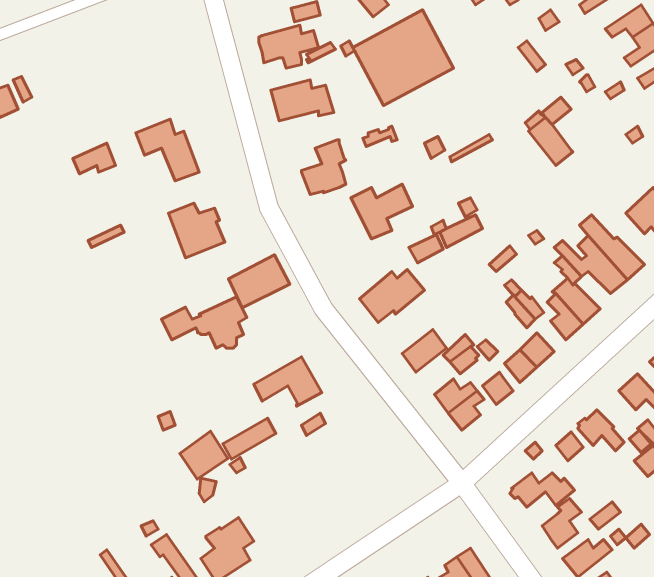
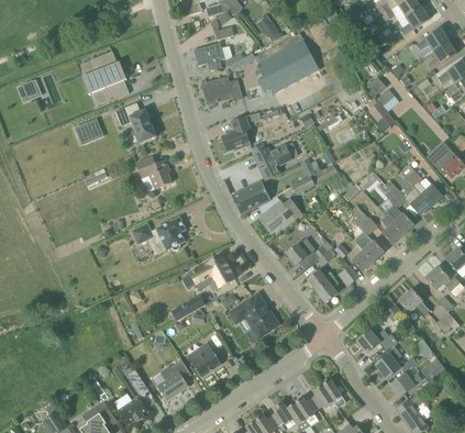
building: none -> [85,52,128,101]
building: [228,255,290,308] -> [231,180,270,214]
building: none -> [230,295,277,337]
building: [180,431,228,479] -> [190,346,221,377]

